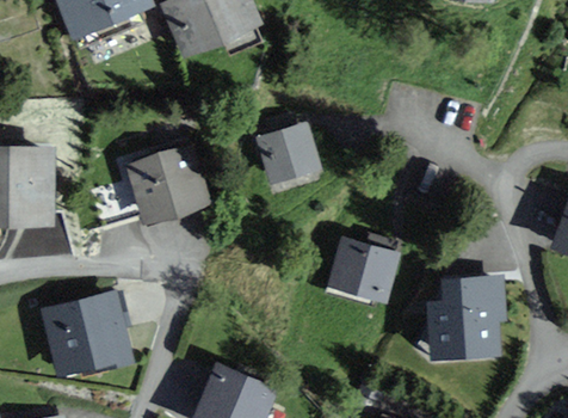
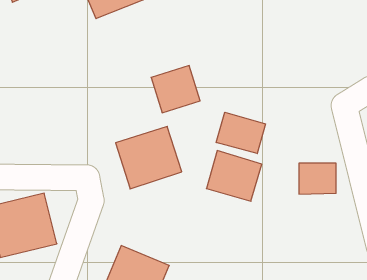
building: [124,146,211,228] -> [116,126,182,189]
building: none -> [216,112,266,154]
building: [428,296,500,359] -> none

